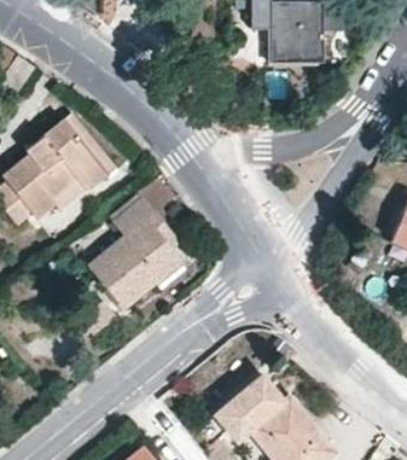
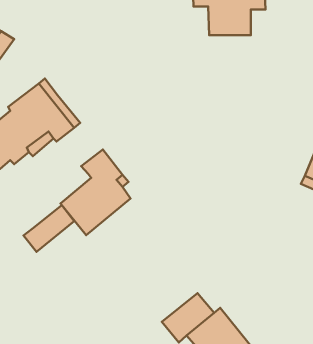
building: none -> [23,205,74,252]

